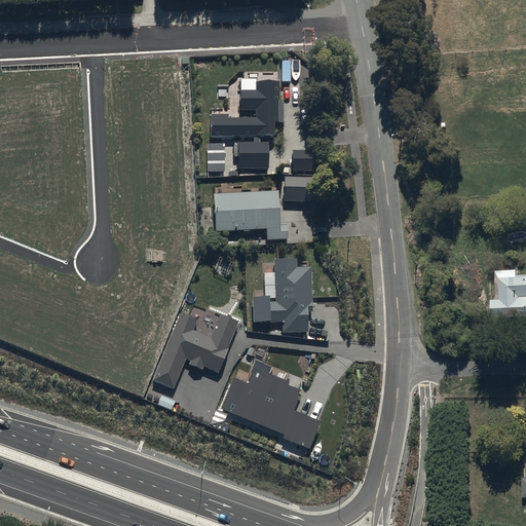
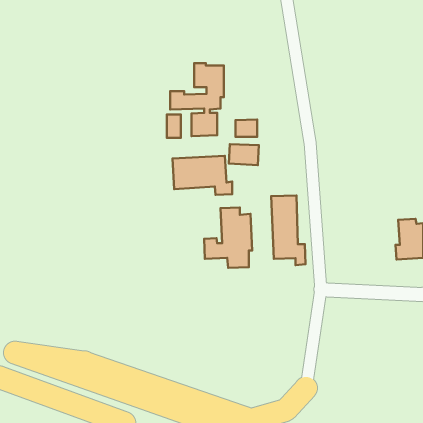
building: none -> [271,195,306,265]
building: [151,310,238,388] -> none
building: [220,360,320,447] -> none

